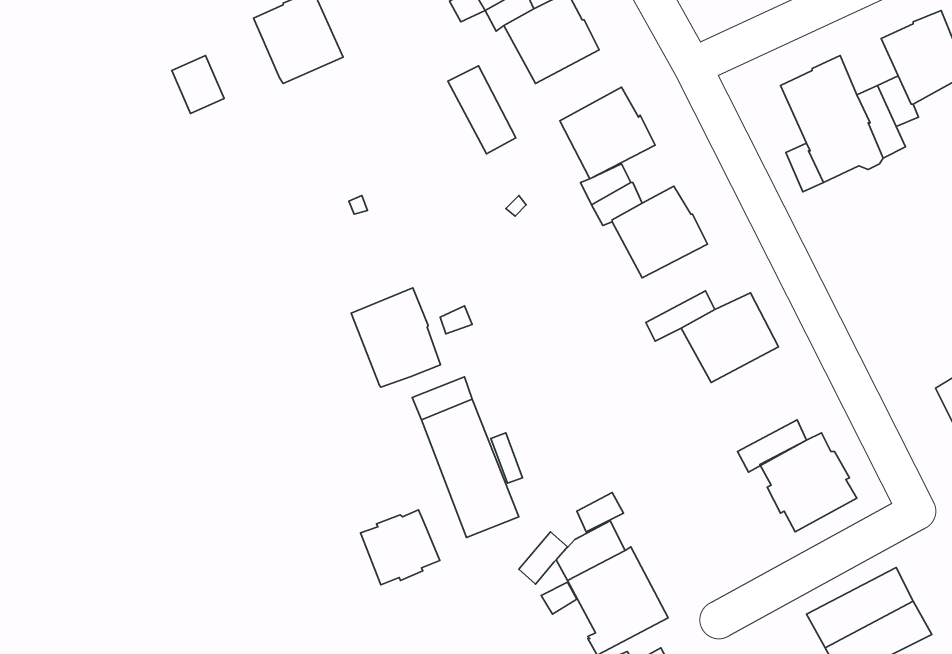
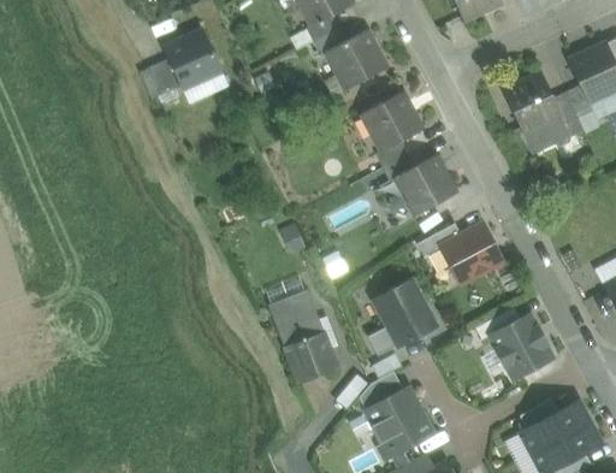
building: [172,56,224,113] -> [148,59,182,96]
building: [448,66,516,154] -> none
building: [351,288,440,387] -> none
building: none -> [375,280,436,347]
building: [361,510,440,585] -> none

